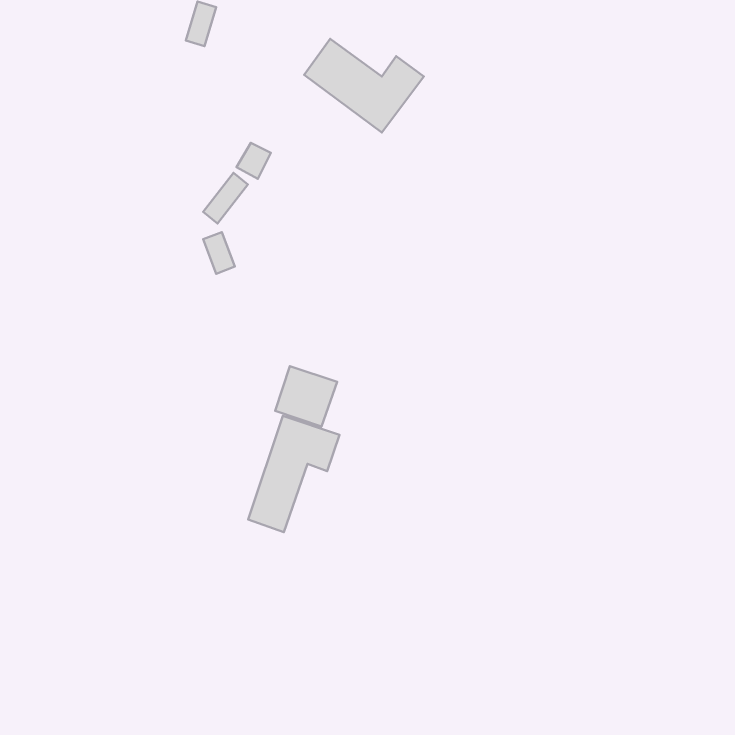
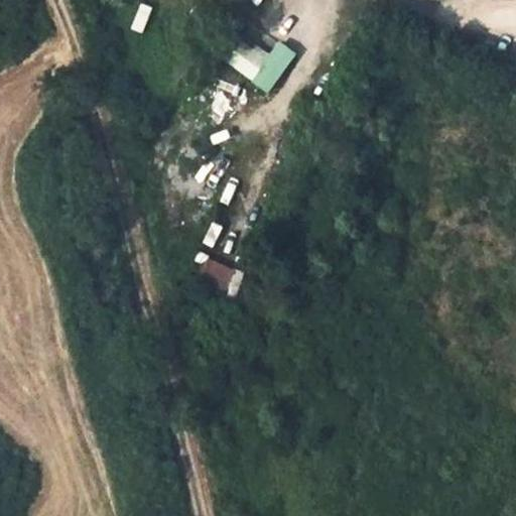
building: [248,416,339,532] -> none

